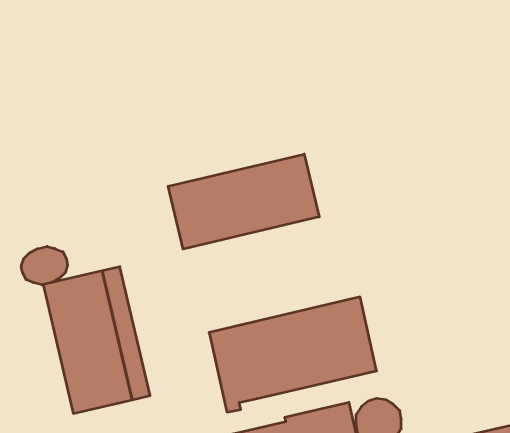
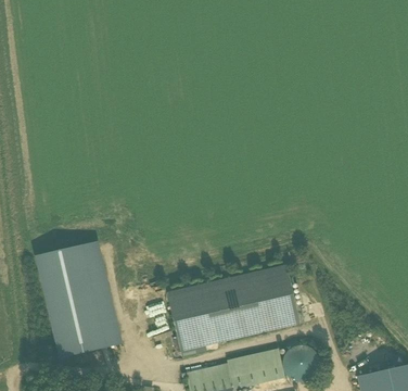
building: [168,154,319,249] -> none
building: [21,246,68,285] -> none

